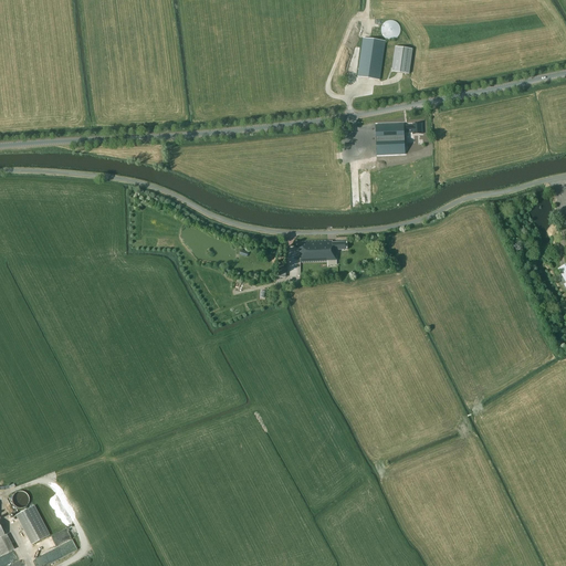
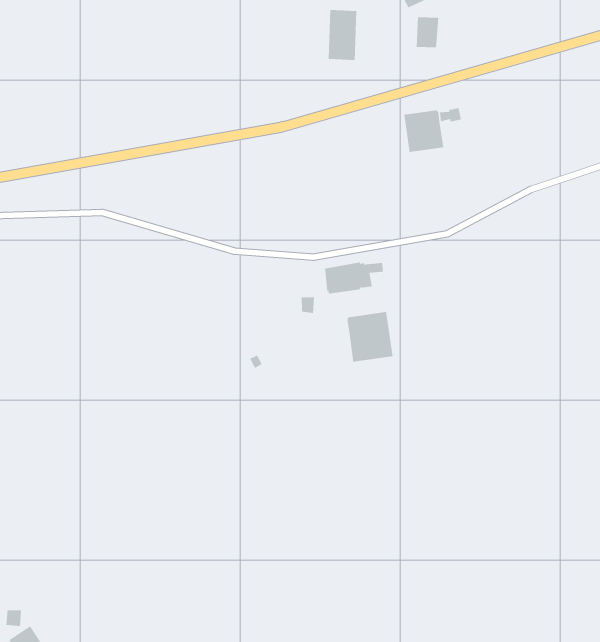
building: [356,38,384,81] -> [328,10,357,61]
building: none -> [347,311,393,363]

